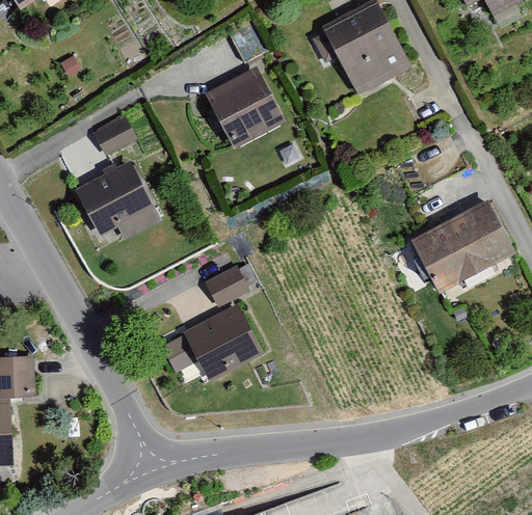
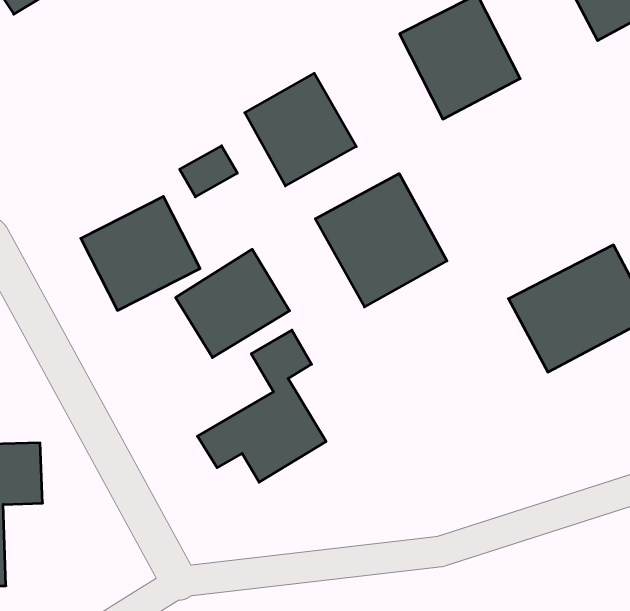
building: [90,114,136,155] -> [180,146,237,197]
building: none -> [315,174,447,307]
building: none -> [176,249,290,358]

